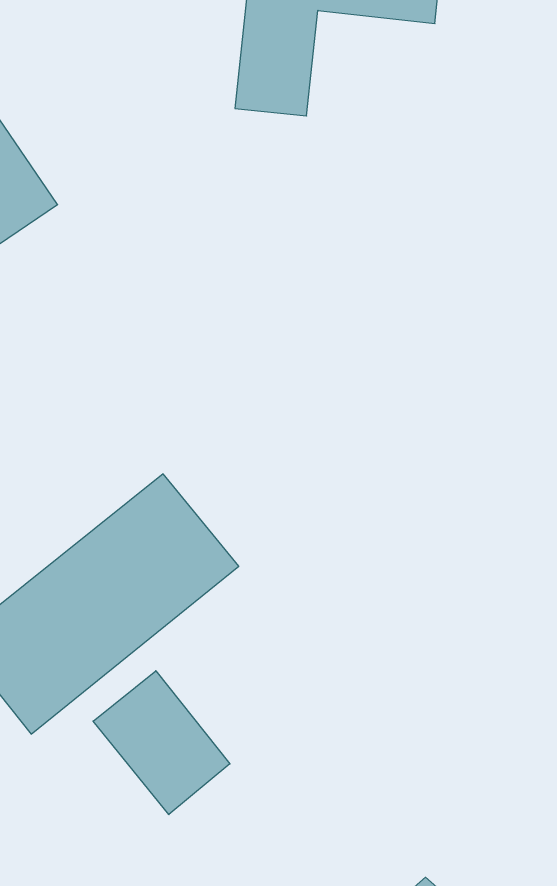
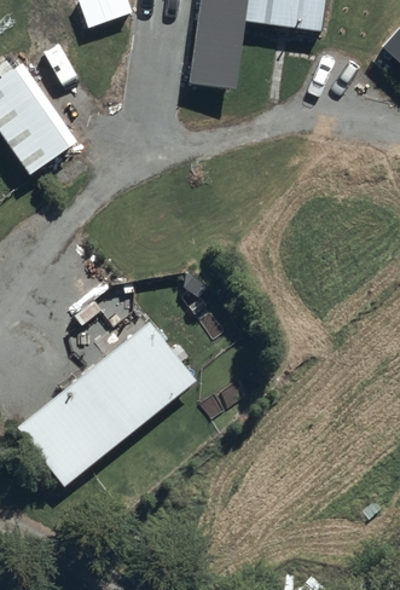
building: [93,671,230,815] -> none

